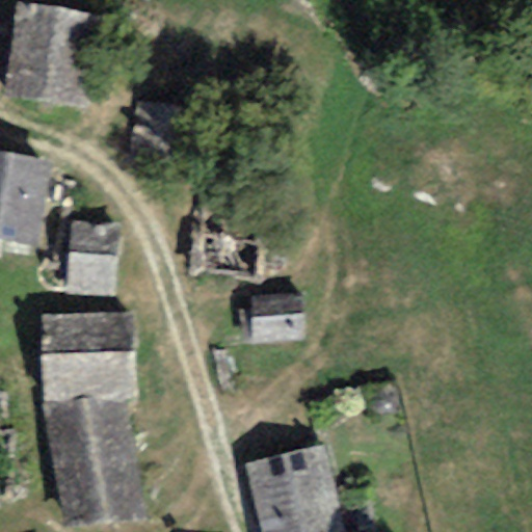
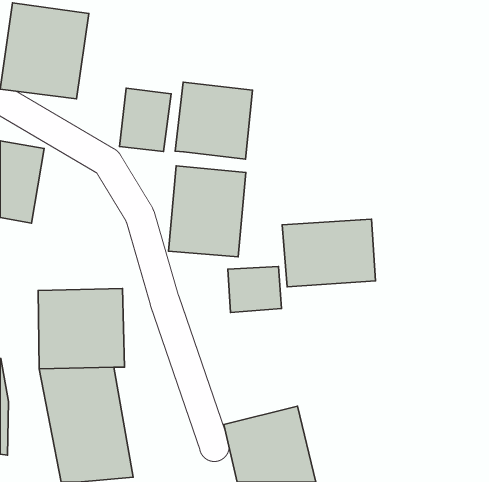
building: none -> [175,82,253,159]
building: [65,221,114,295] -> none
building: none -> [282,219,376,287]

